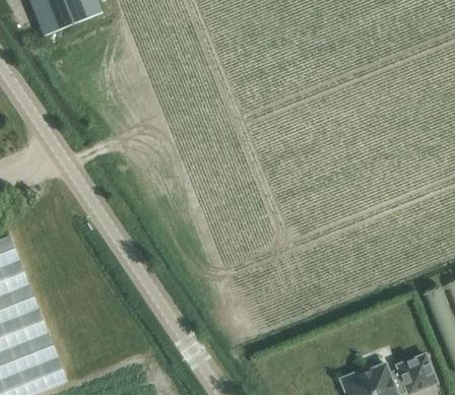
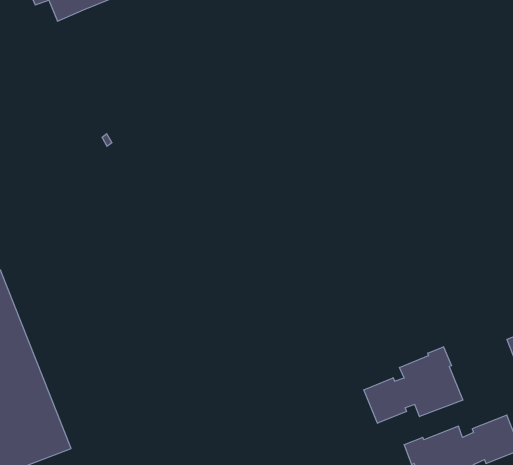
building: none -> [364,347,463,423]

